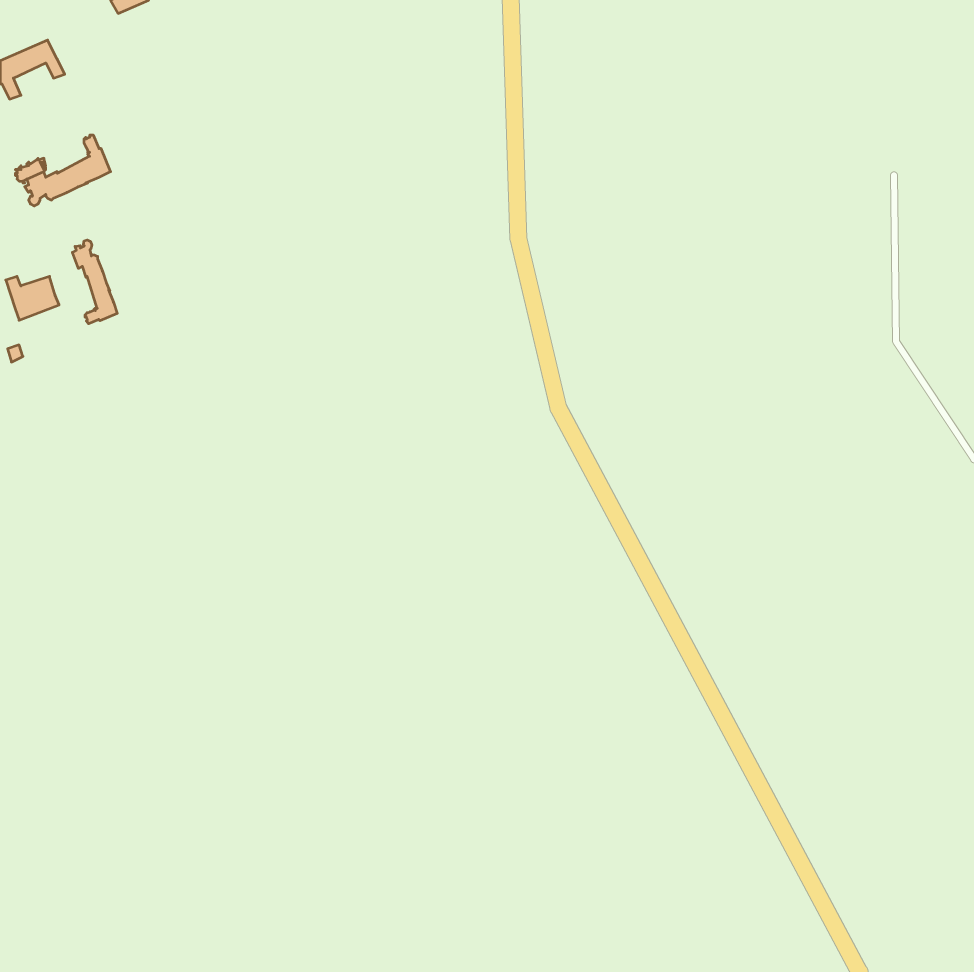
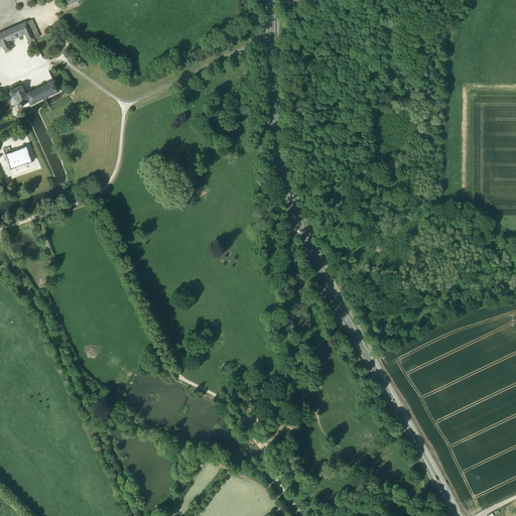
building: [72,240,117,324] -> none

